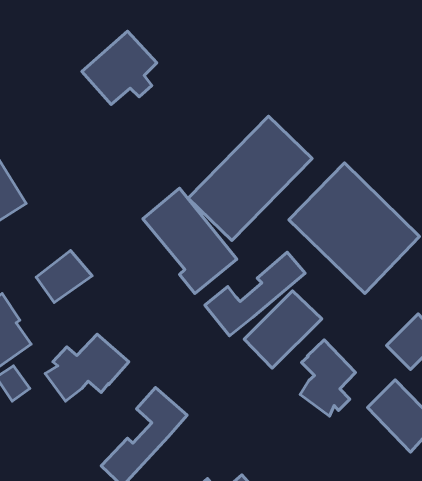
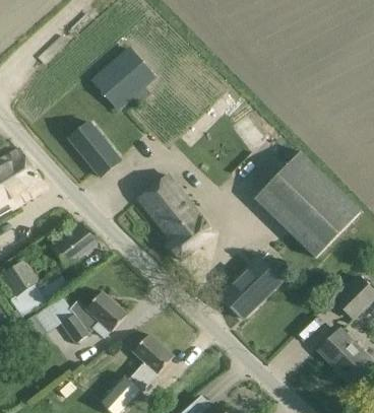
building: [188,116,312,240] -> none
building: none -> [68,118,120,173]
building: [205,252,305,336] -> none
building: [300,340,356,416] -> none

